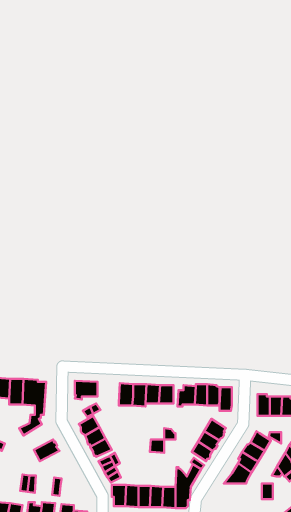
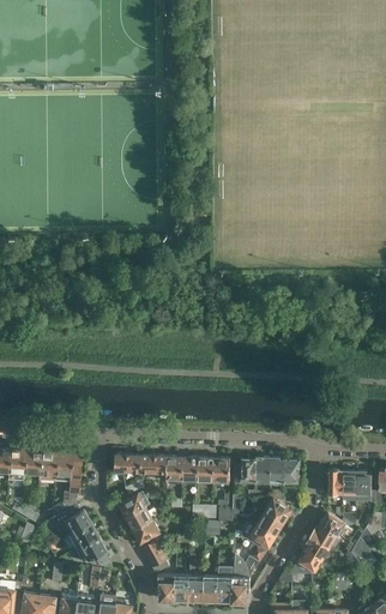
building: none -> [141,455,168,478]
building: none -> [48,504,90,534]
building: none -> [74,535,109,565]

